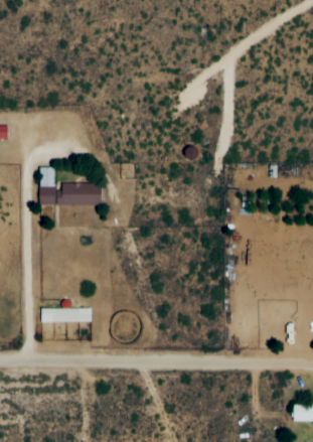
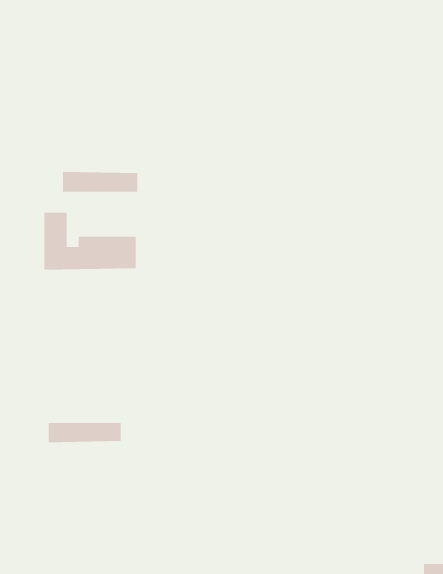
building: none -> [62,171,138,192]

